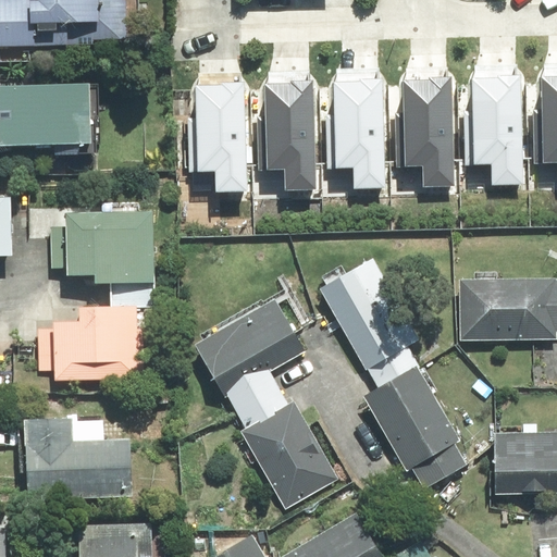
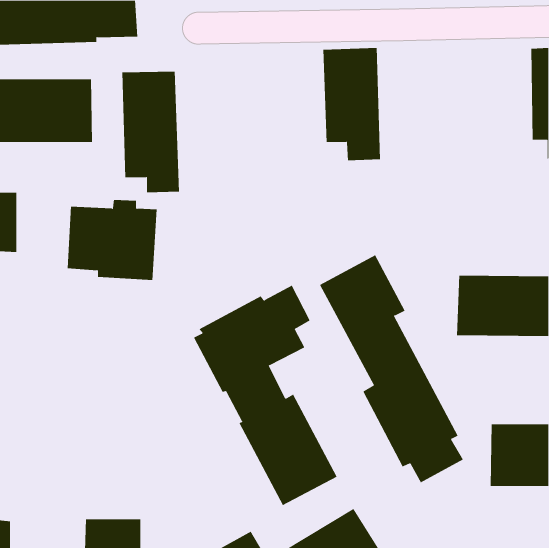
building: [260,52,312,164] -> none
building: [462,52,524,161] -> none
building: [184,54,243,177] -> [121,71,180,193]
building: [396,55,450,164] -> none
building: [38,304,146,384] -> none
building: [26,414,135,500] -> none

